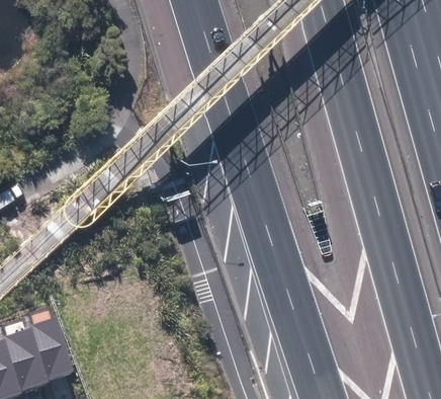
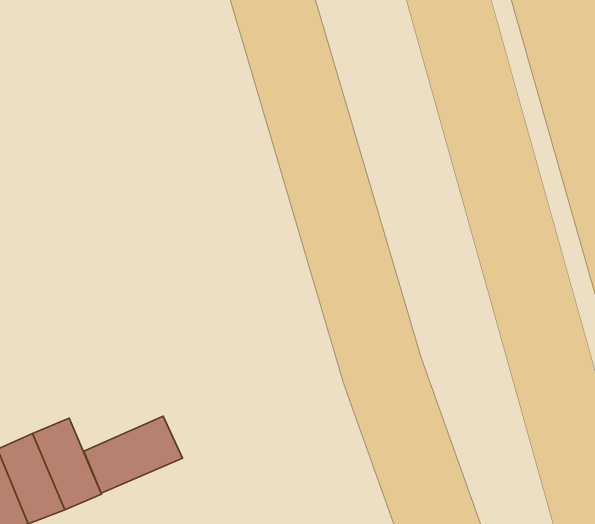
building: none -> [84,416,183,493]

